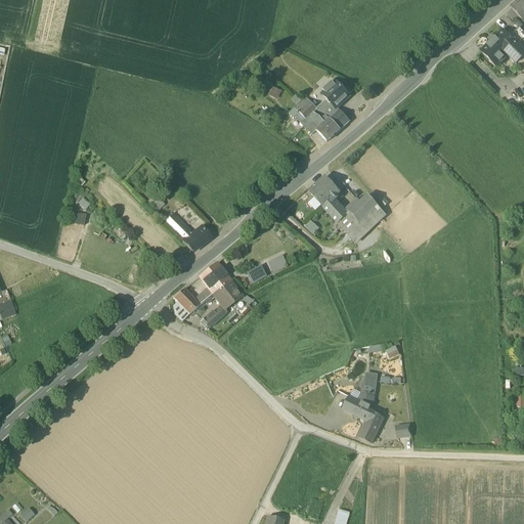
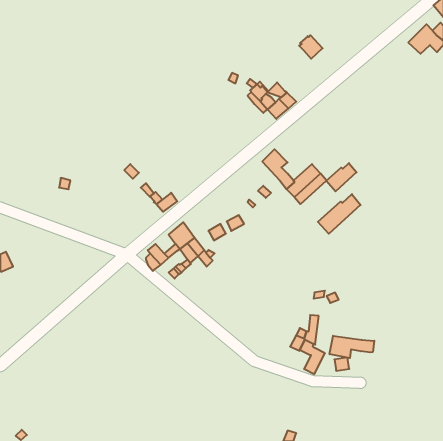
building: [322,80,350,107] -> [299,35,323,59]
building: none -> [326,163,357,191]
building: none -> [318,194,361,234]
building: none -> [330,336,374,358]

